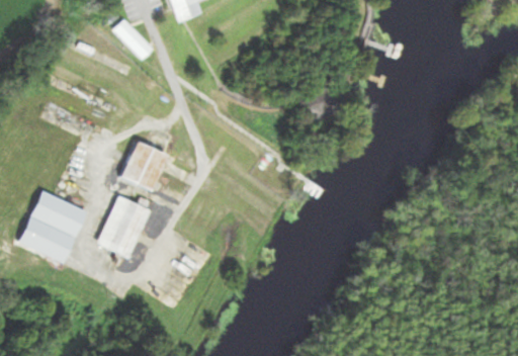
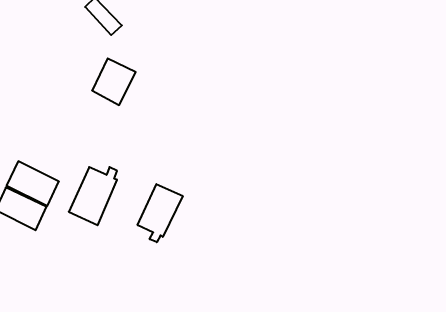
building: [121,143,167,191] -> [92,58,136,105]
building: none -> [138,184,183,242]

